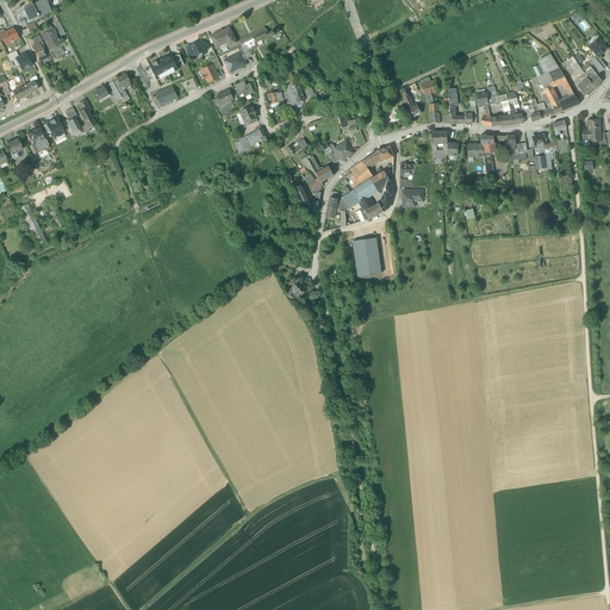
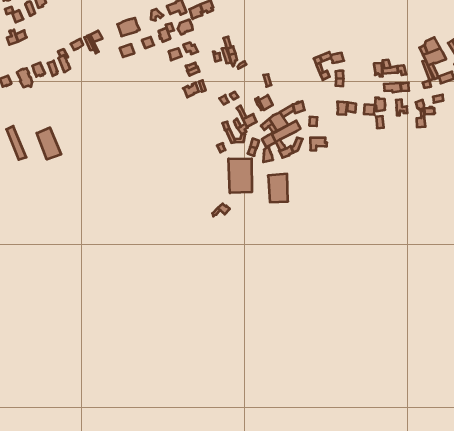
building: none -> [37,128,61,159]
building: none -> [229,159,252,193]

